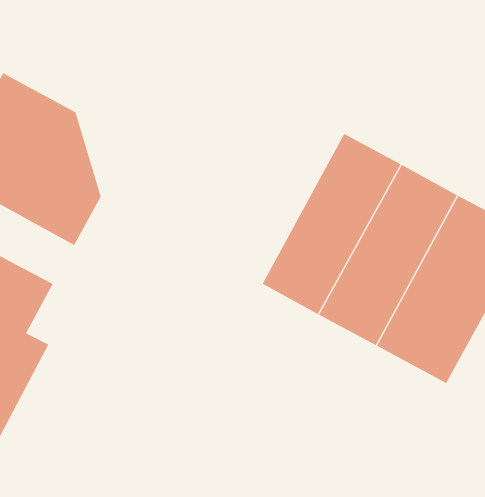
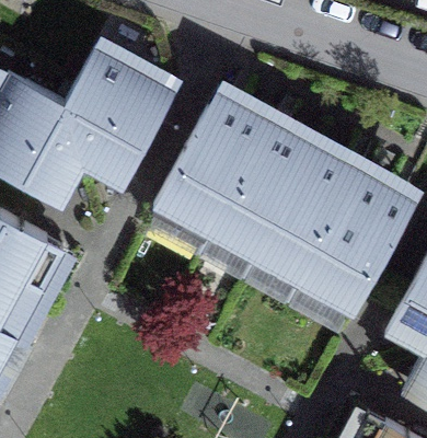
building: none -> [65,47,176,189]
building: none -> [153,90,273,238]

